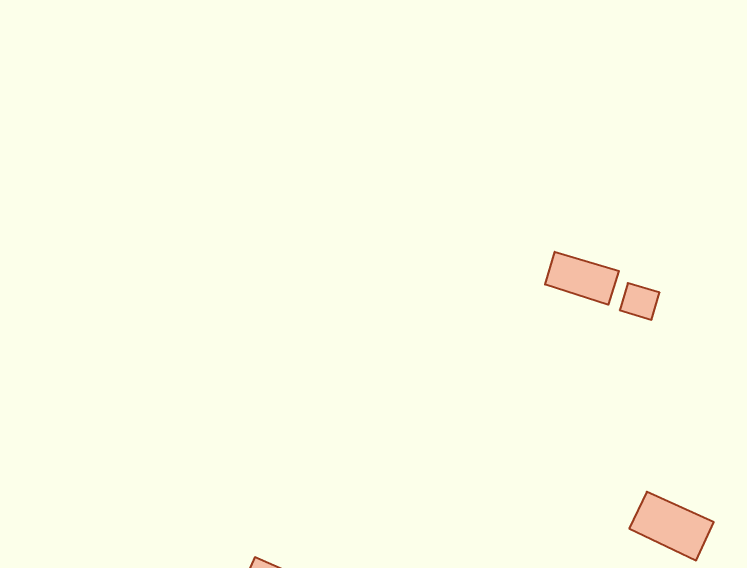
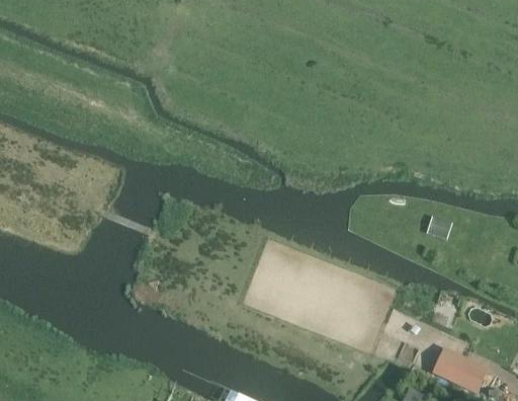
building: [545,252,619,305] -> none

